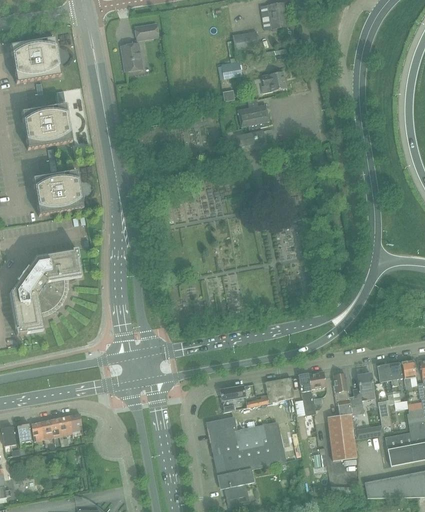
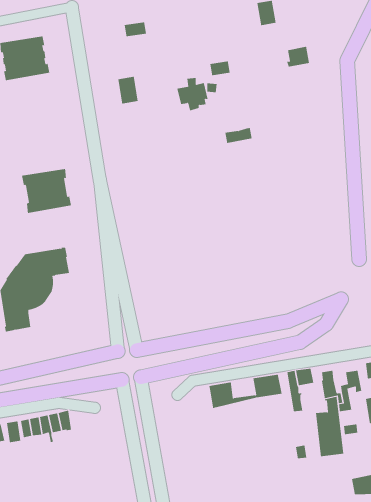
building: [232,31,258,51] -> none
building: [121,43,142,71] -> [118,76,139,104]
building: [261,71,285,92] -> [286,46,310,67]
building: [237,99,269,133] -> [176,77,208,111]
building: [21,104,72,149] -> none
building: [208,417,284,498] -> none

